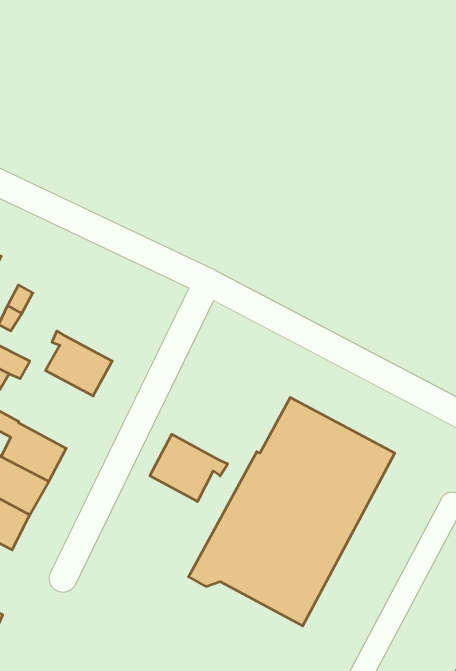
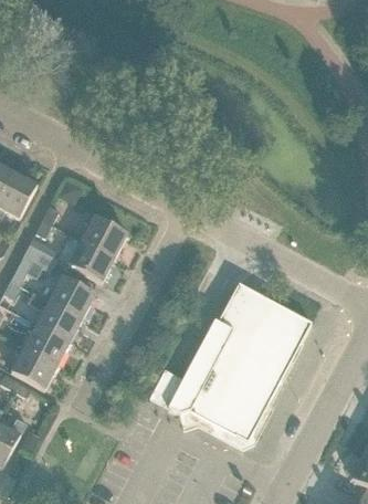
building: none -> [81,213,127,258]
building: none -> [49,274,95,318]
building: [150,434,228,502] -> none

